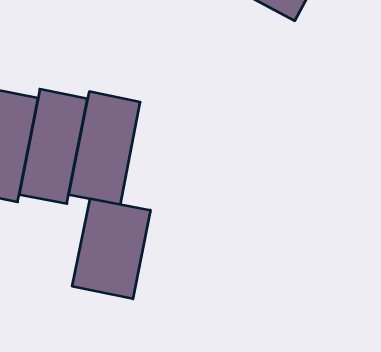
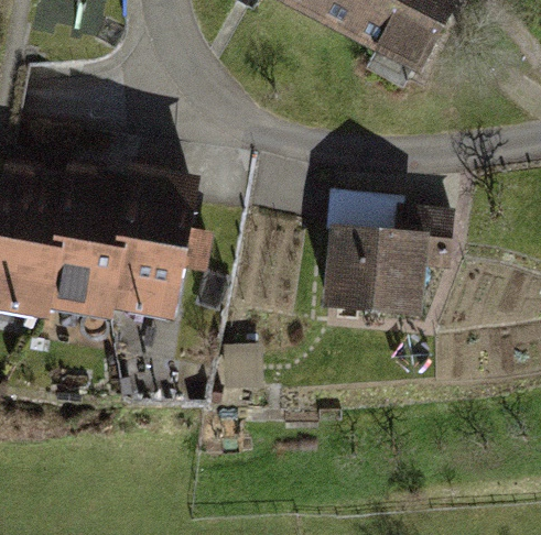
building: none -> [327,194,457,317]
building: [72,199,150,299] -> none

